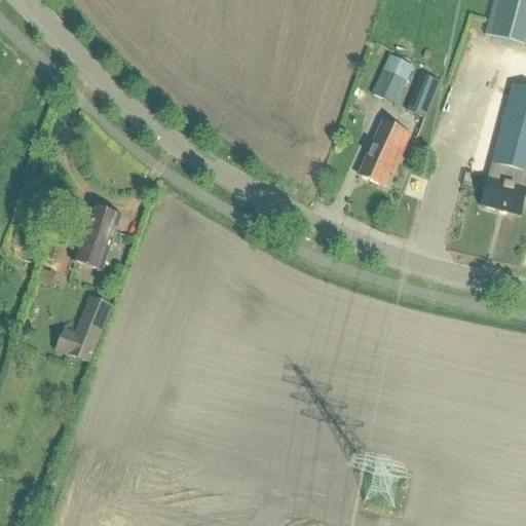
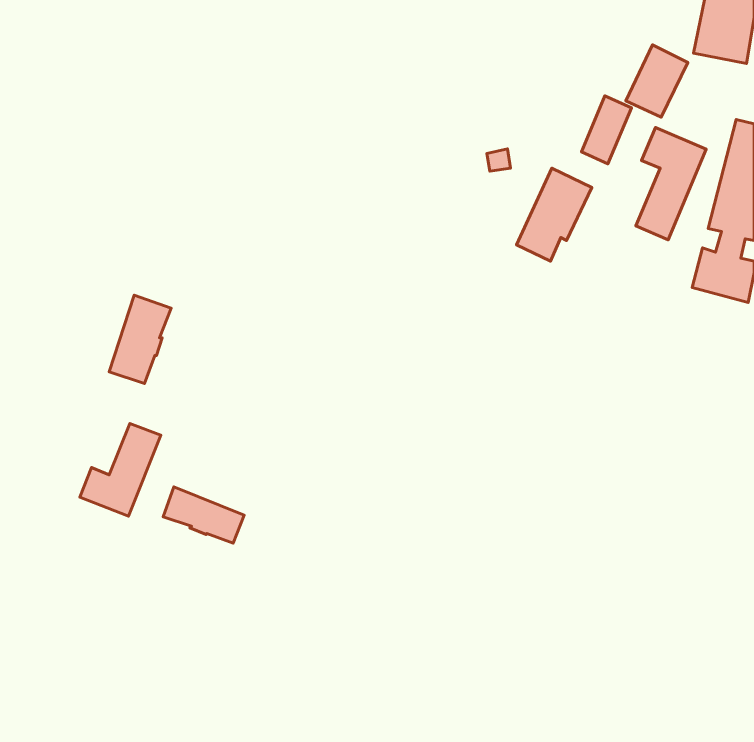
building: [371,50,414,101] -> [626,45,688,117]
building: none -> [636,127,706,240]
building: none -> [163,487,244,543]

